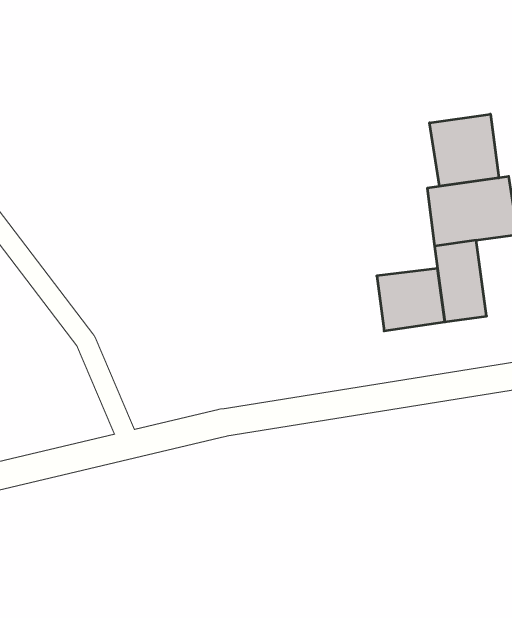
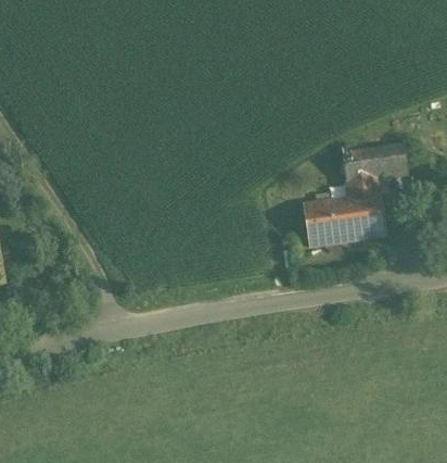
building: [430,114,499,186] -> none

